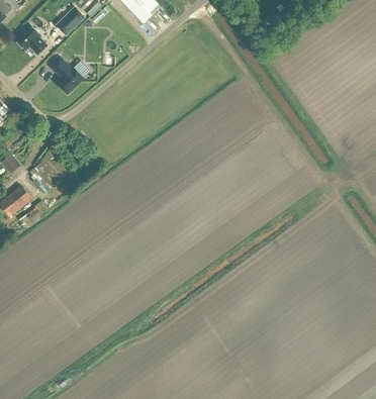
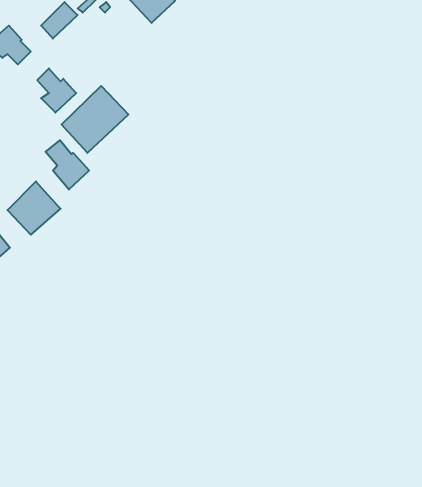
building: none -> [62,86,128,153]
building: none -> [46,140,89,190]

